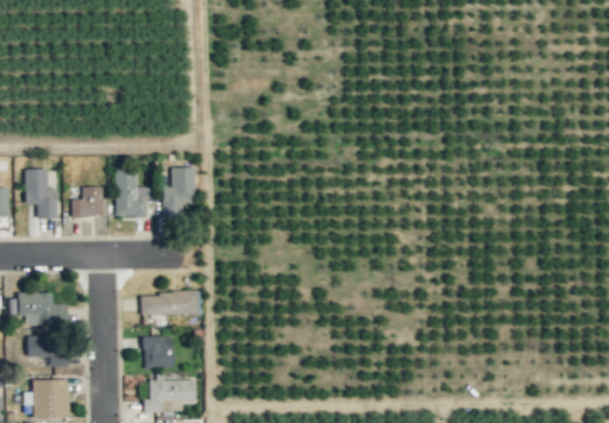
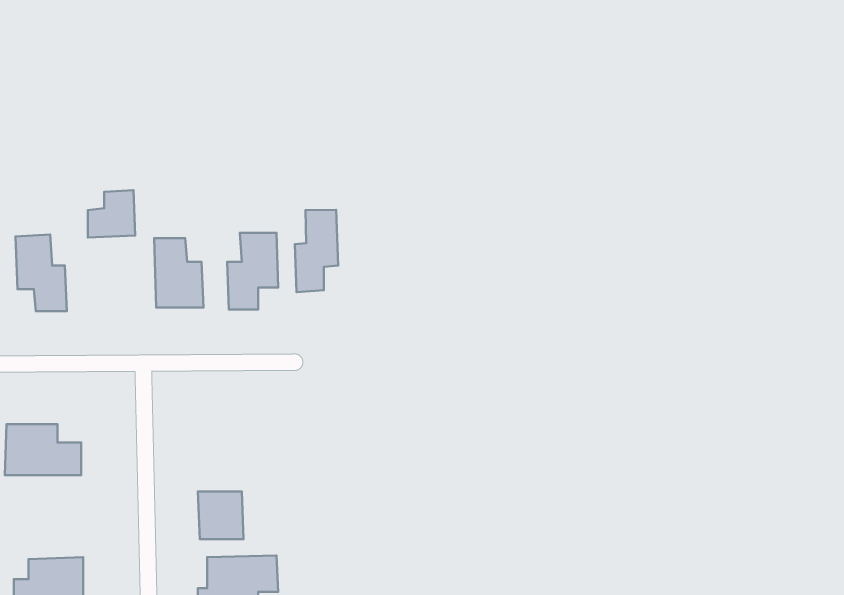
building: none -> [295,210,338,292]
building: [73,187,103,217] -> [88,190,135,237]
building: [142,292,197,315] -> none
building: [29,337,69,367] -> none

